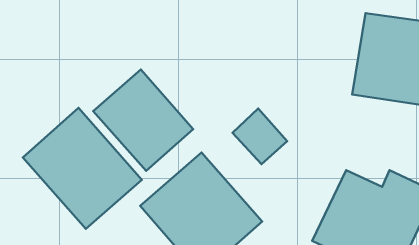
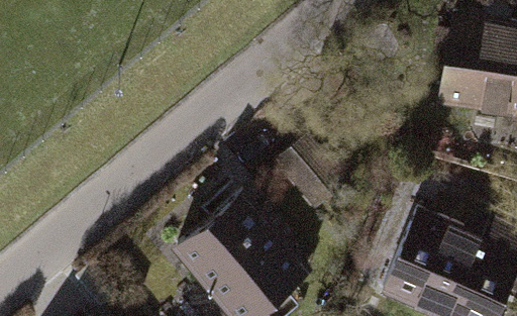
building: [93,69,193,171] -> none
building: [23,108,142,229] -> none

